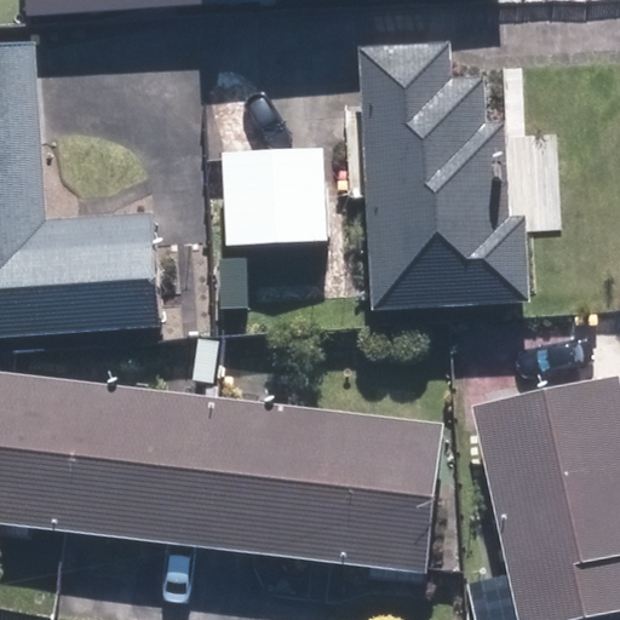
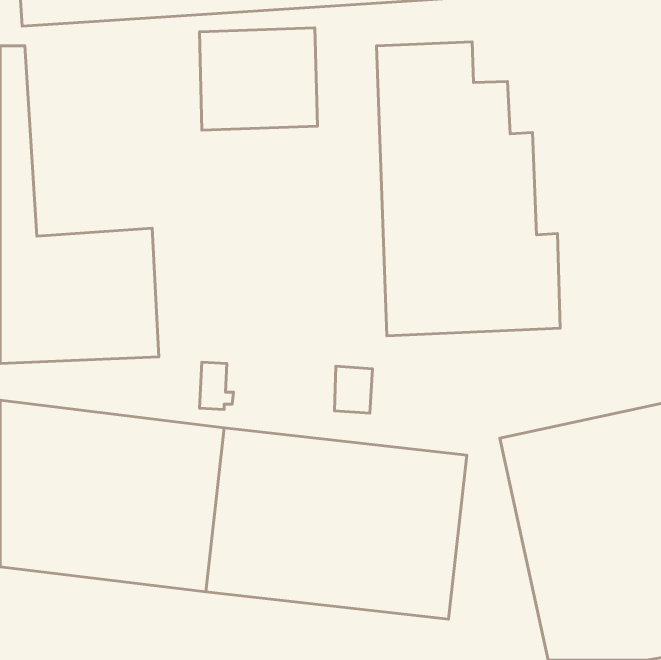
building: [222,148,331,242] -> [199,28,317,130]

